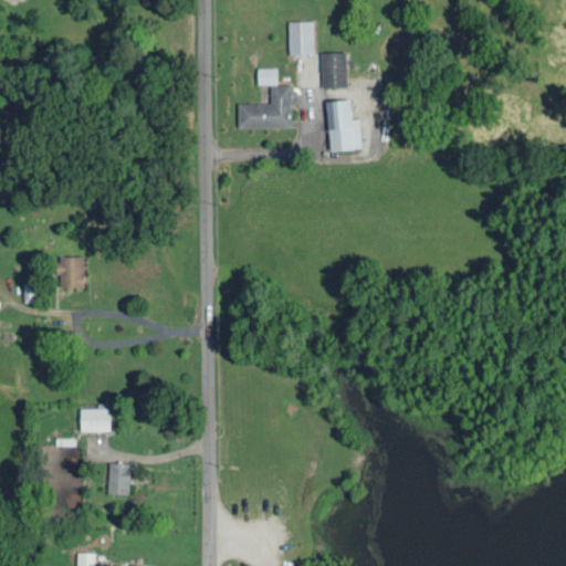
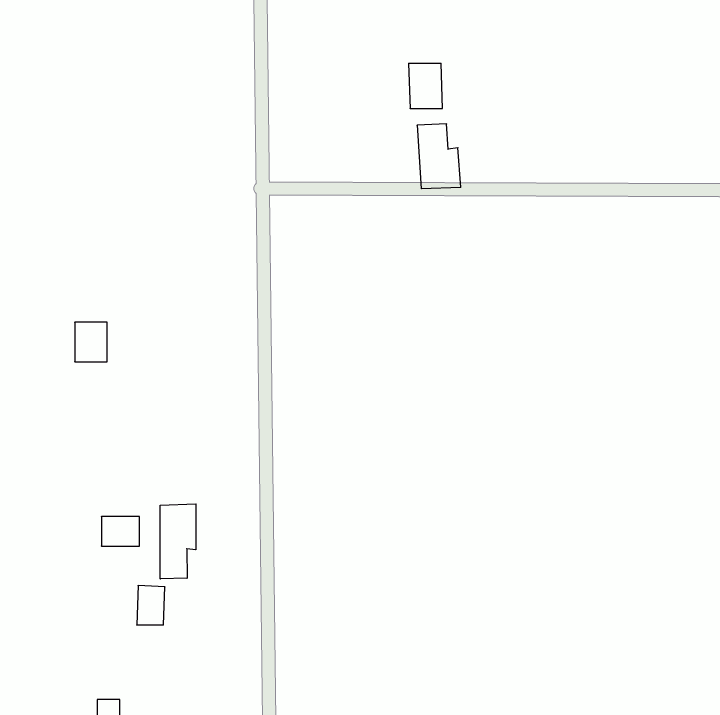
building: [287,22,313,55] -> none
building: [238,69,292,128] -> none
building: none -> [160,504,196,579]

